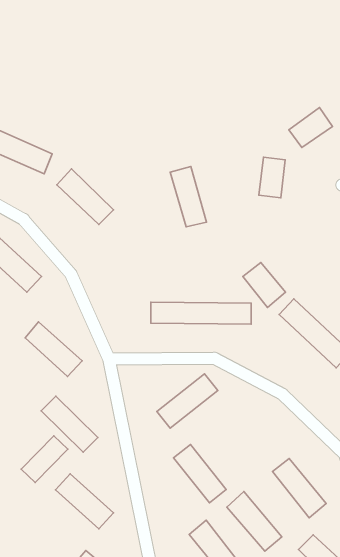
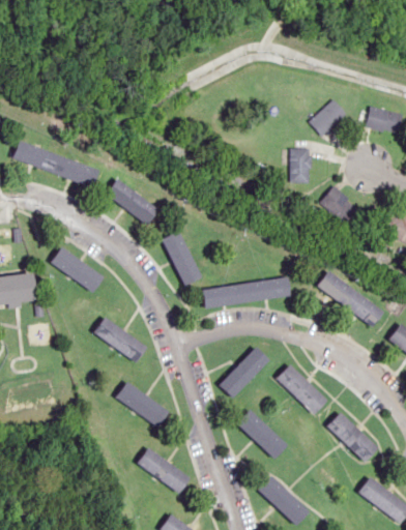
building: [170,166,207,227] -> [165,231,202,285]
building: [243,262,286,308] -> [318,186,357,226]
building: [21,436,68,483] -> none
building: [227,491,282,551] -> [278,363,329,414]

